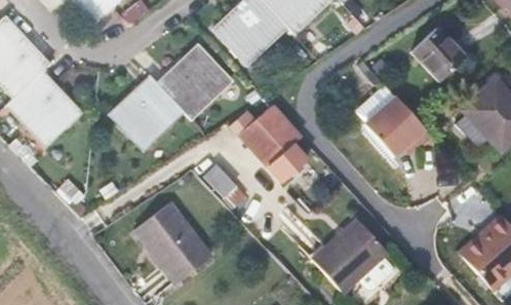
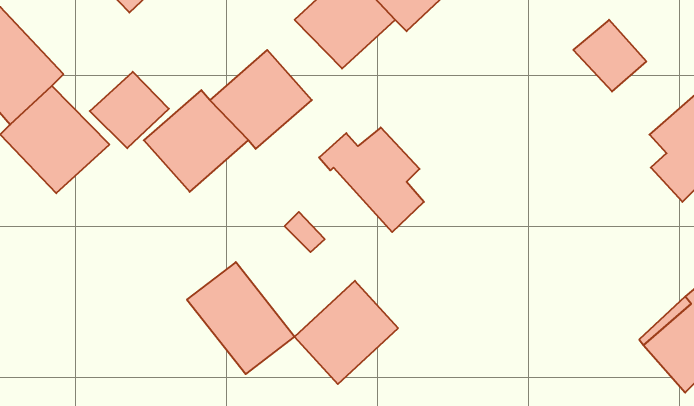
building: none -> [90,72,169,148]
building: [367,94,435,157] -> none
building: [310,219,384,293] -> [295,281,398,384]

